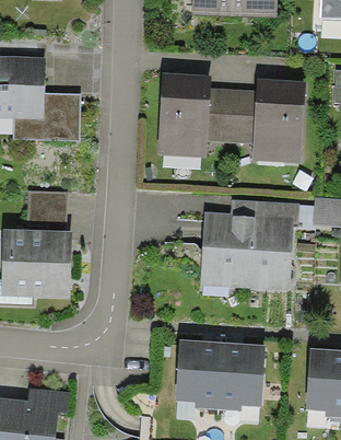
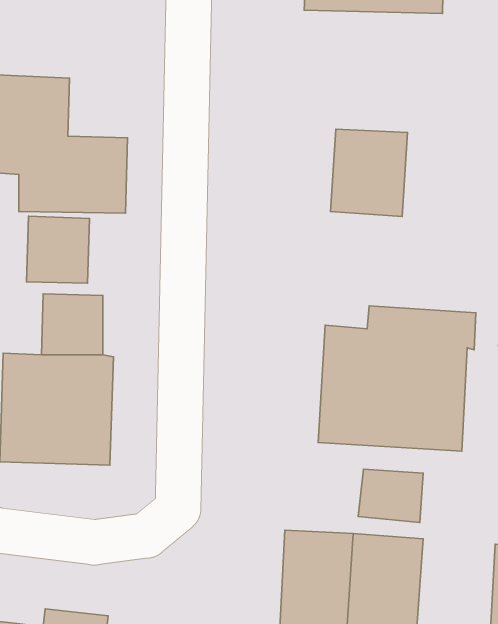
building: [156,72,211,158] -> none
building: [251,78,305,163] -> none
building: none -> [27,216,89,283]
building: none -> [358,469,423,522]

